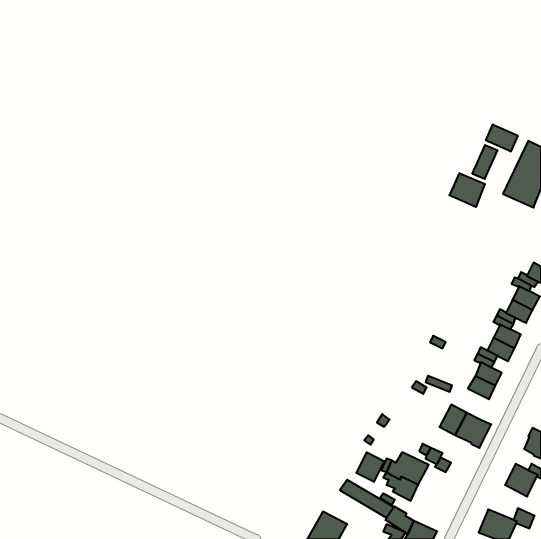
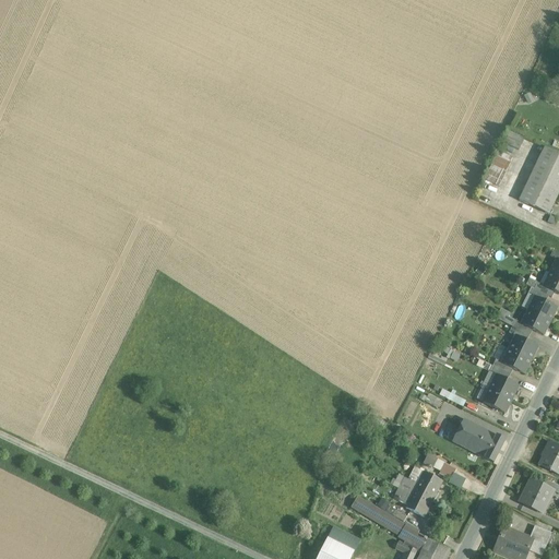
building: [486,124,518,152] -> none
building: [449,173,485,207] -> none
building: [356,452,384,482] -> none

